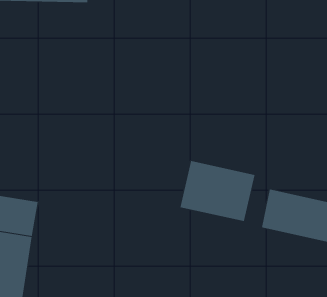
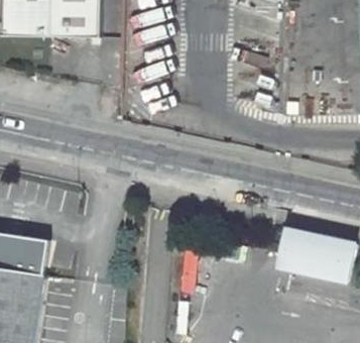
building: [180,160,255,222] -> none

